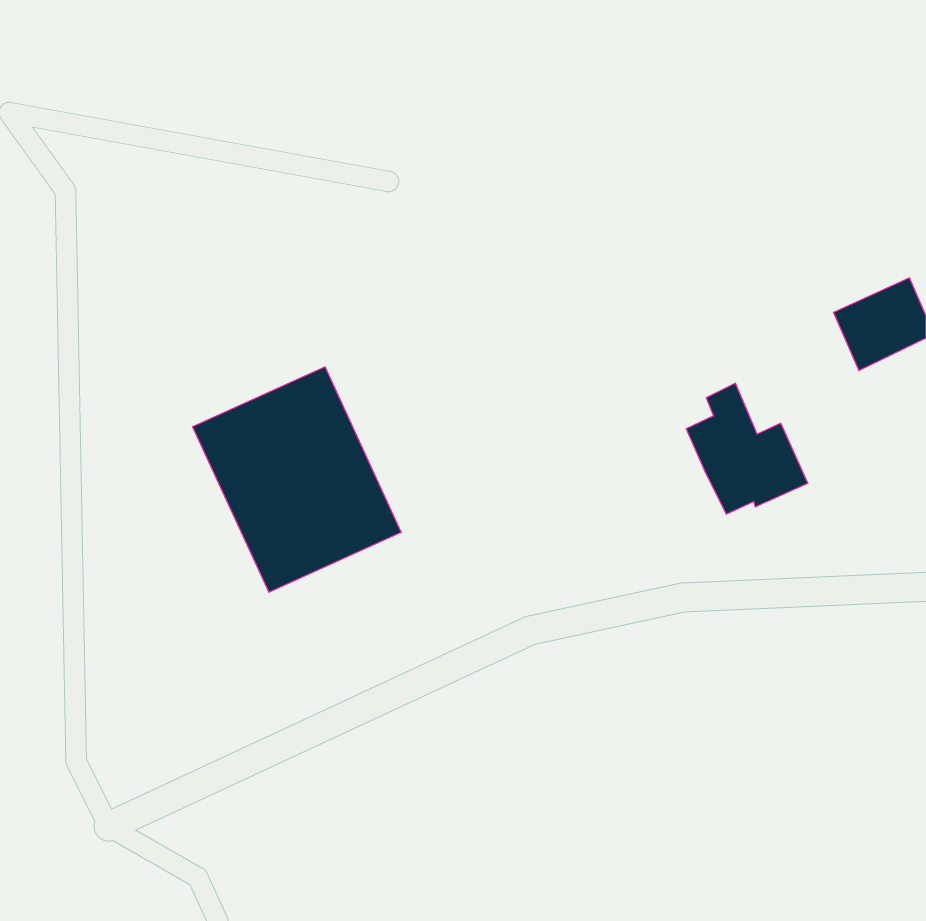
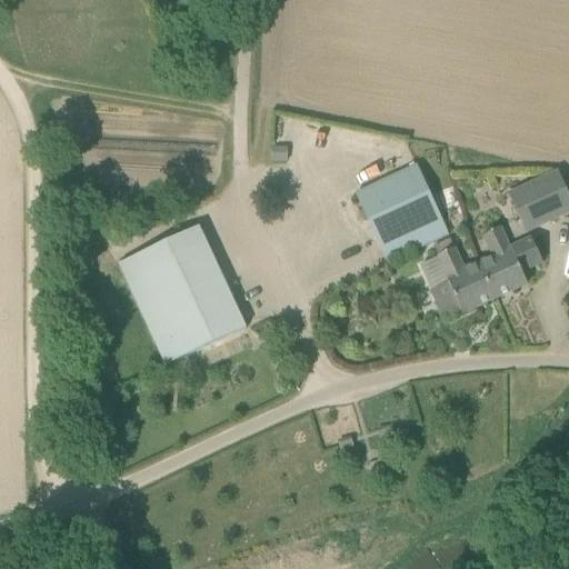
building: none -> [355,162,448,260]
building: none -> [478,224,542,296]

